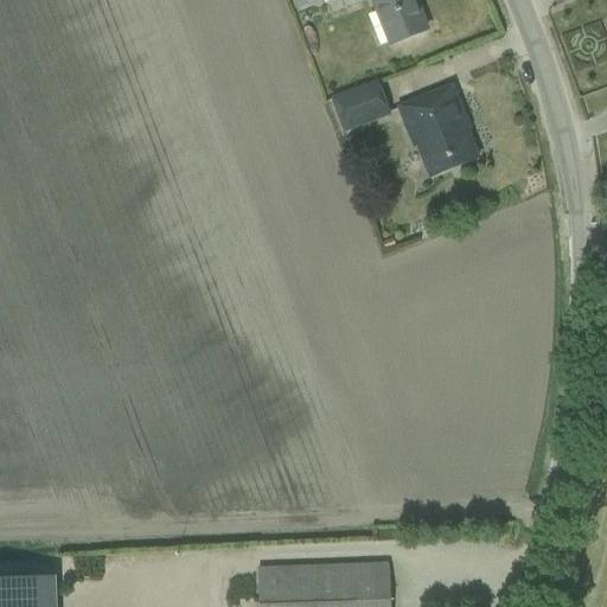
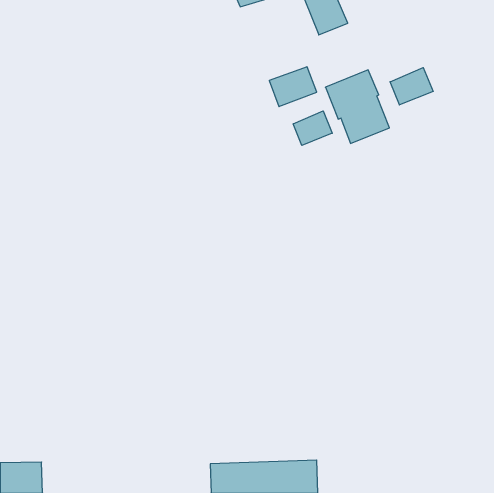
building: none -> [390,68,433,105]
building: none -> [293,111,332,145]

